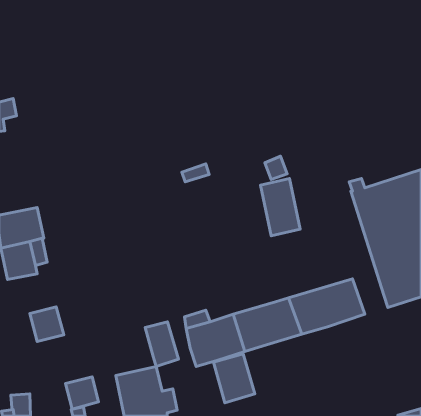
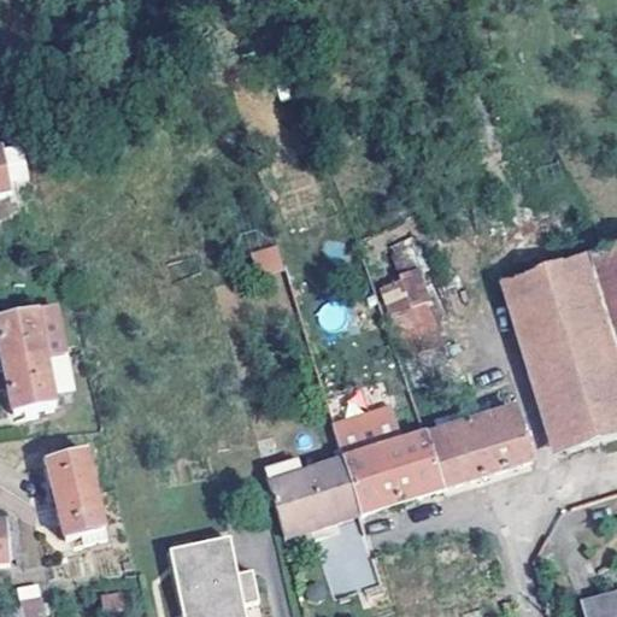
building: none -> [328,405,401,458]
building: [145,322,179,366] -> none
building: [66,377,99,409] -> [54,488,102,535]

